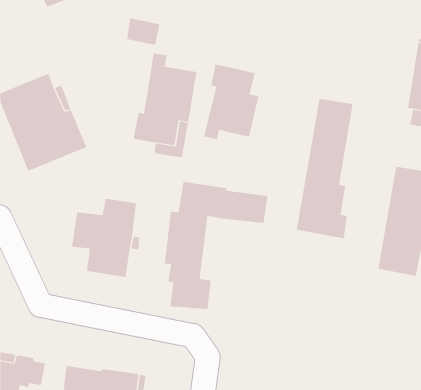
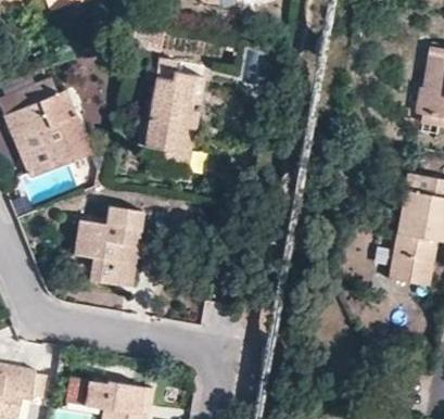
building: [203,64,259,140] -> none
building: [296,98,353,239] -> none
building: [164,181,268,310] -> none

